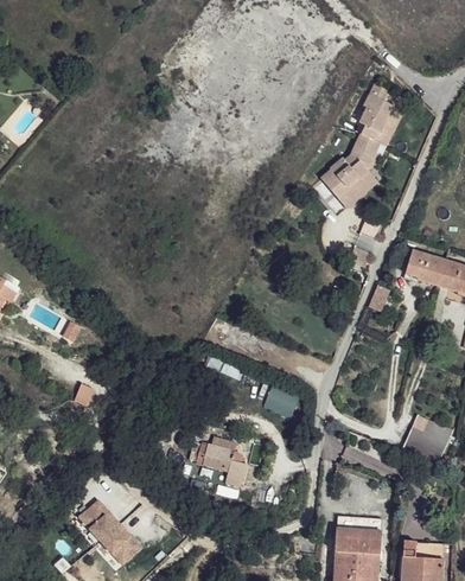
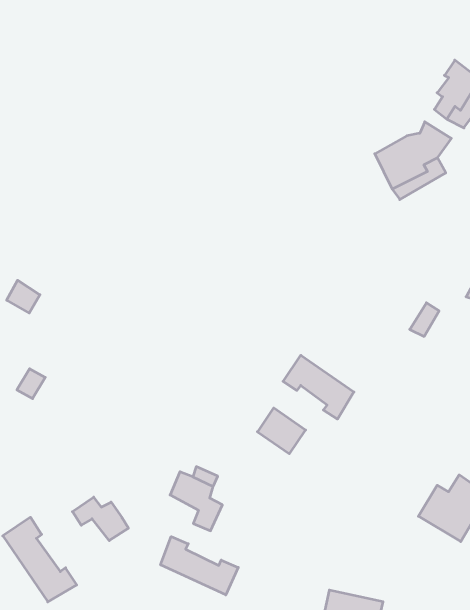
building: none -> [283,355,354,419]
building: none -> [72,497,128,541]
building: none -> [161,537,238,595]

